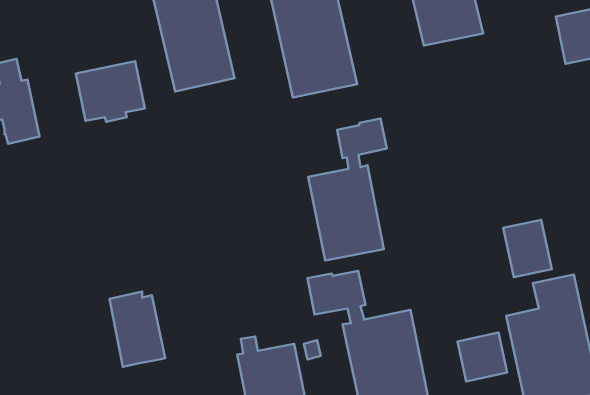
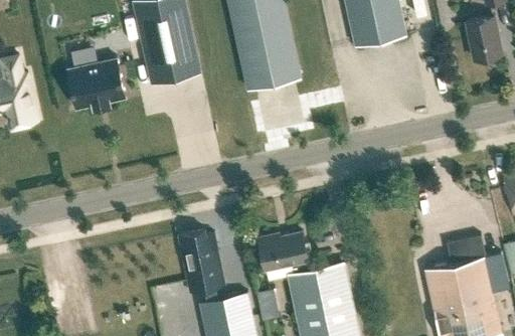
building: [308,118,387,260] -> none
building: [503,220,552,277] -> none
building: [109,292,165,367] -> [179,228,225,291]
building: [458,333,507,381] -> none

